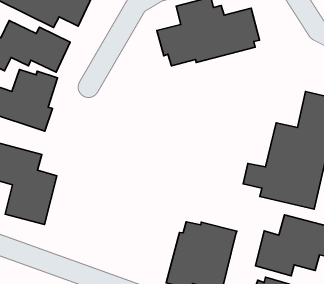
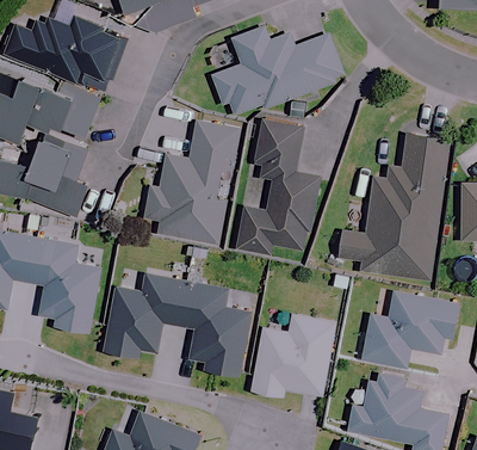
building: none -> [141,119,241,245]
building: none -> [237,118,320,255]
building: none -> [105,273,252,375]

